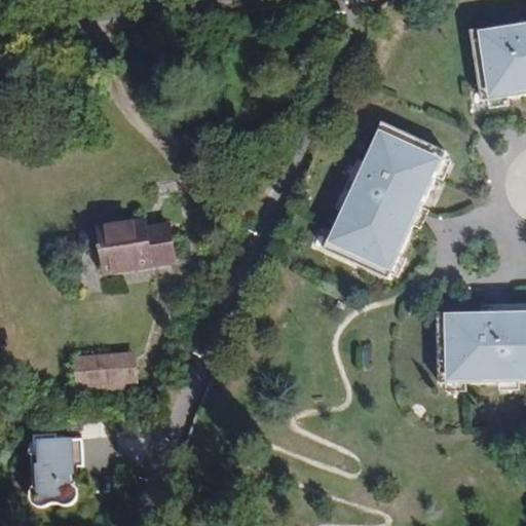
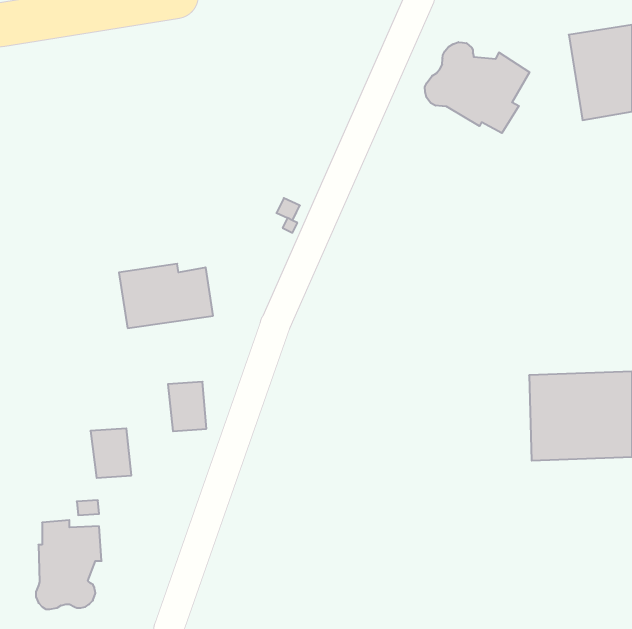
building: none -> [425,42,529,133]
building: [325,121,447,277] -> none
building: [105,353,137,394] -> [168,382,206,431]

